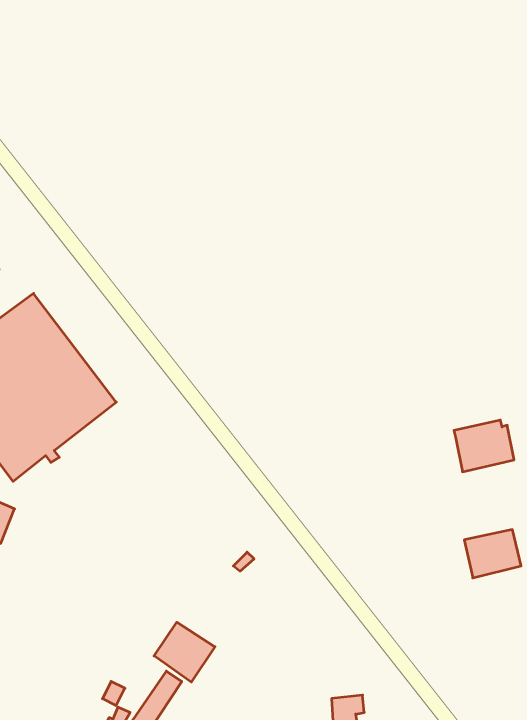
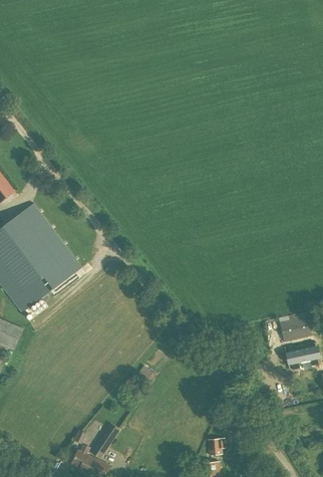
building: [454,420,514,472] -> [278,312,313,342]
building: [154,622,215,682] -> none

